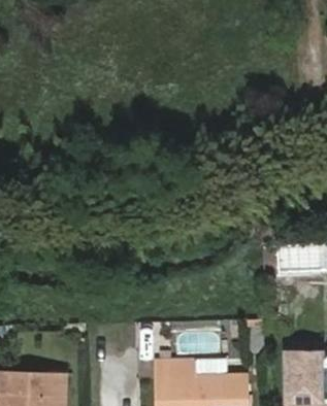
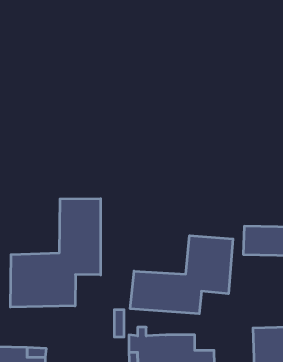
building: none -> [10,199,101,307]
building: none -> [130,236,233,314]

